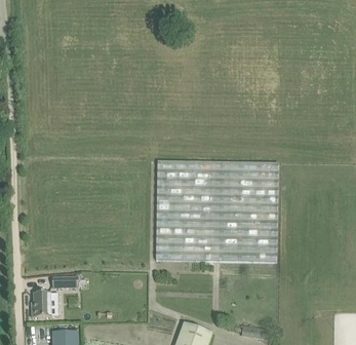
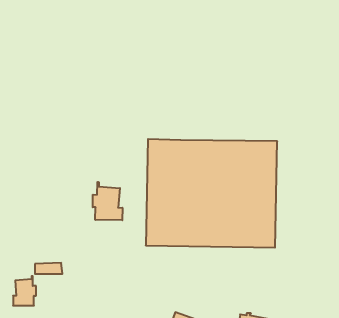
building: none -> [93,182,122,220]

